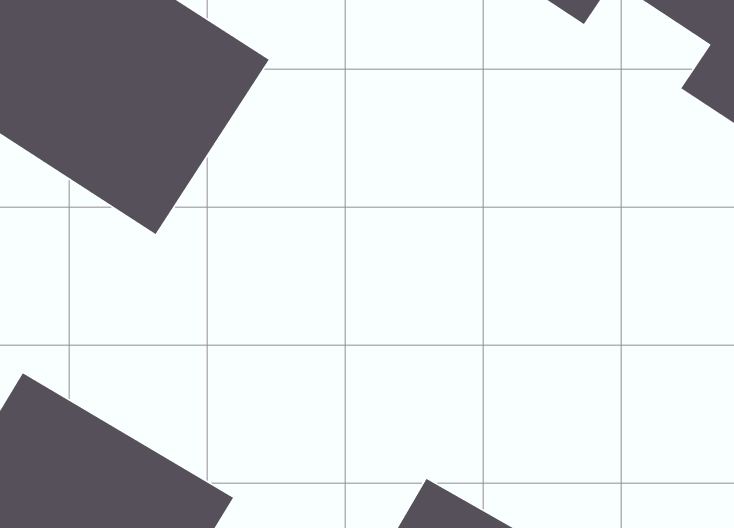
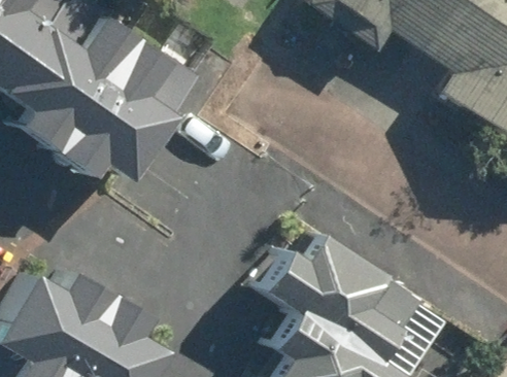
building: none -> [245,234,417,344]

